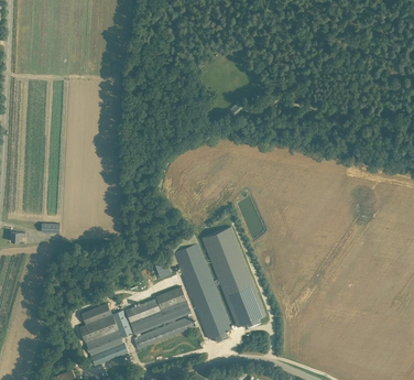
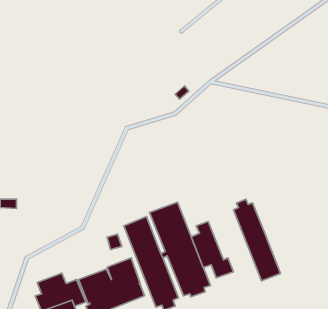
building: none -> [233,199,281,281]
building: none -> [191,222,234,278]

